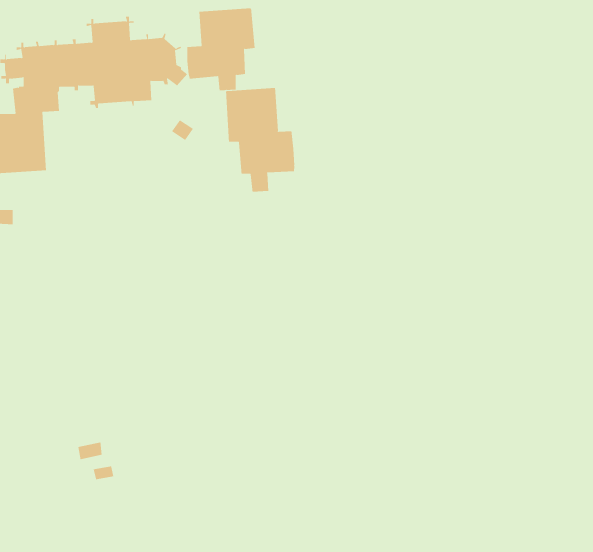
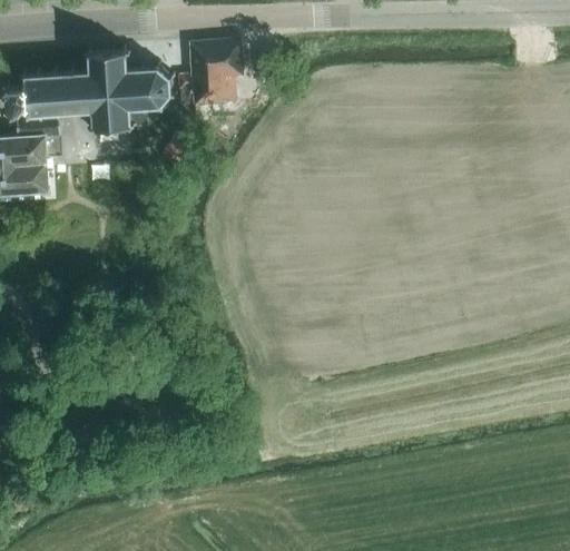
building: [226,87,295,193] -> none

